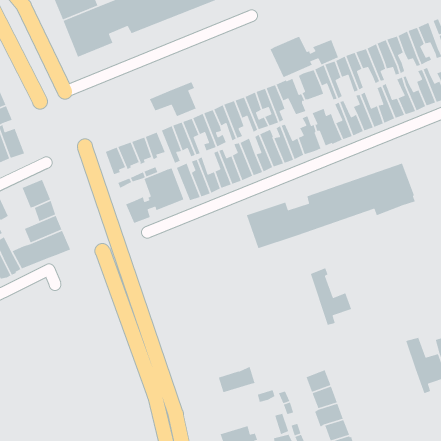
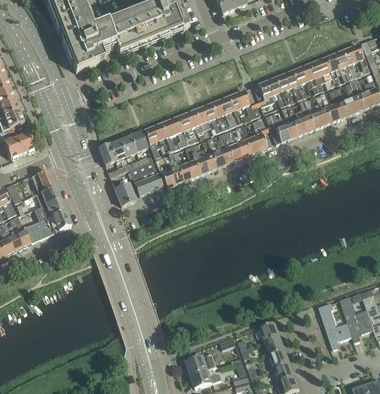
building: [270,36,339,78] -> none
building: [149,81,197,117] -> none
building: [246,163,416,249] -> none
building: [310,267,352,326] -> [318,302,352,349]
building: [218,366,256,393] -> [186,352,217,374]

